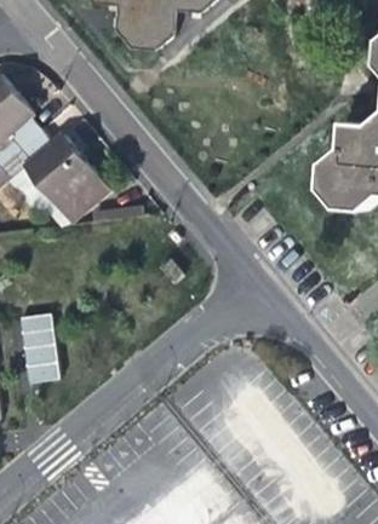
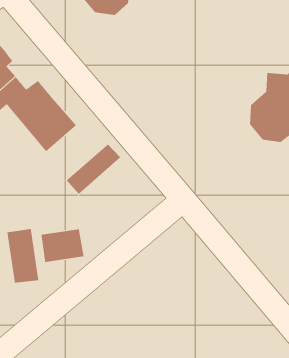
building: none -> [66,143,121,195]
building: none -> [41,229,84,263]

